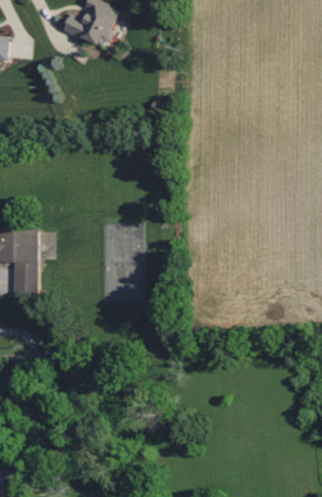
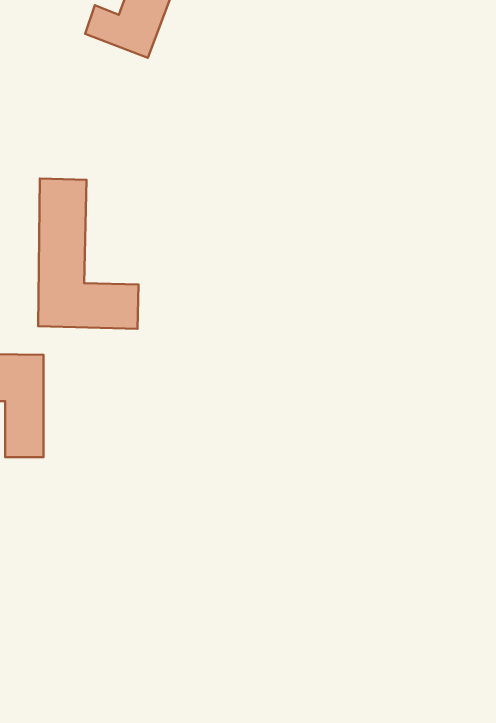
building: none -> [38,179,138,329]

